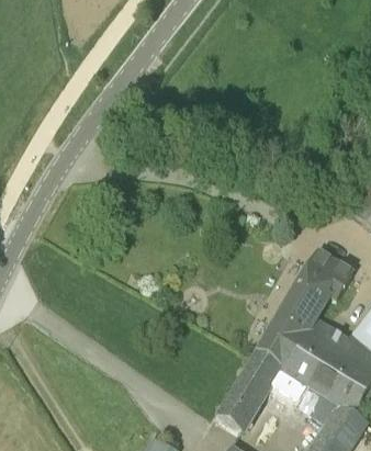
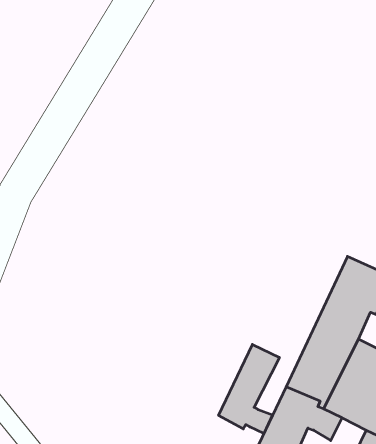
building: none -> [219,344,279,434]

